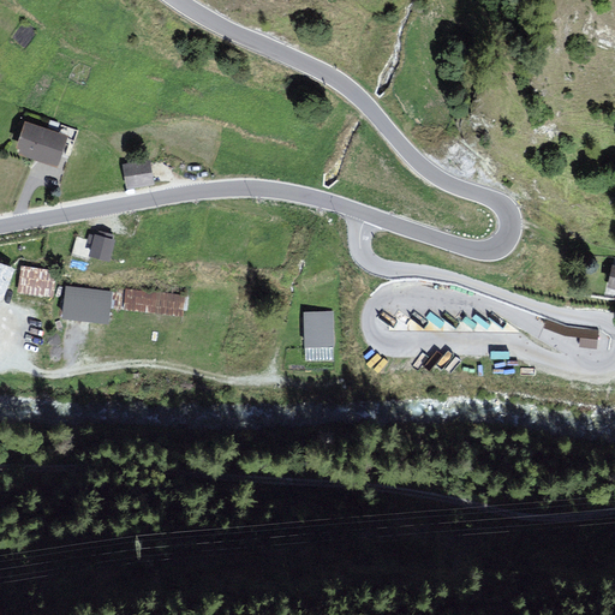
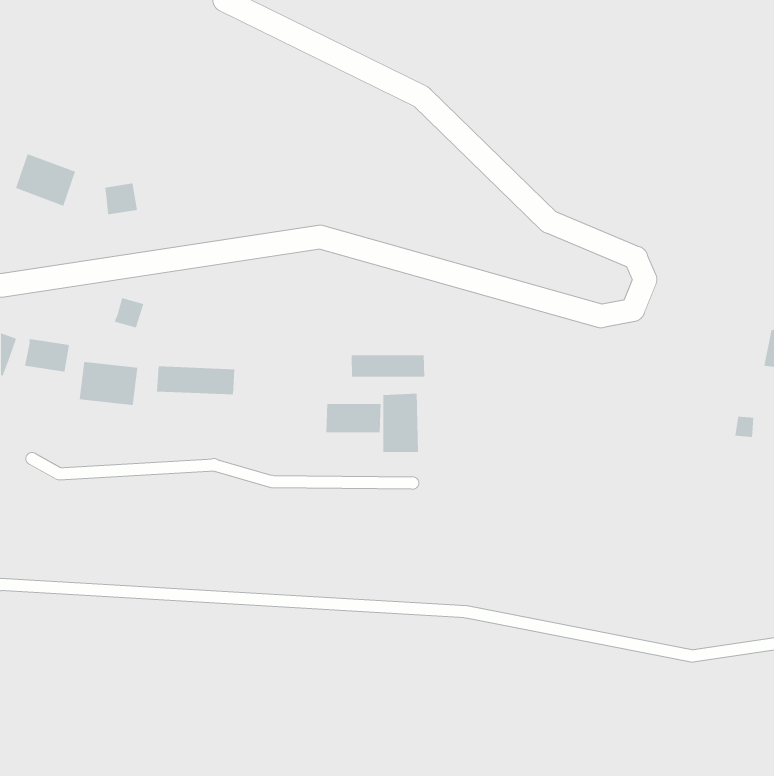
building: [125,160,151,185] -> [104,183,138,215]
building: none -> [351,354,425,378]
building: none -> [326,403,381,433]

